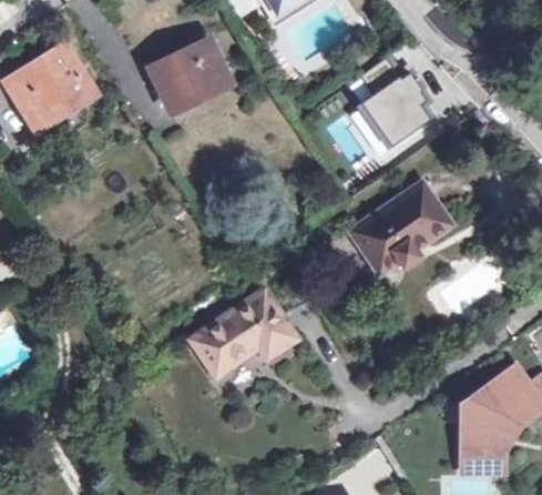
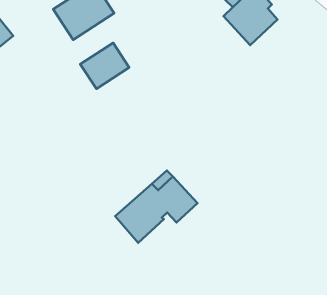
building: none -> [80,43,129,89]
building: [351,184,451,274] -> none

